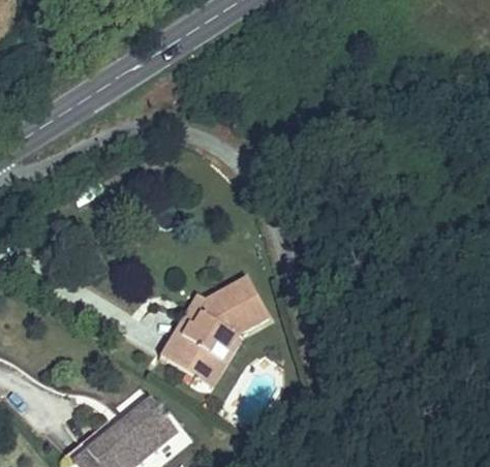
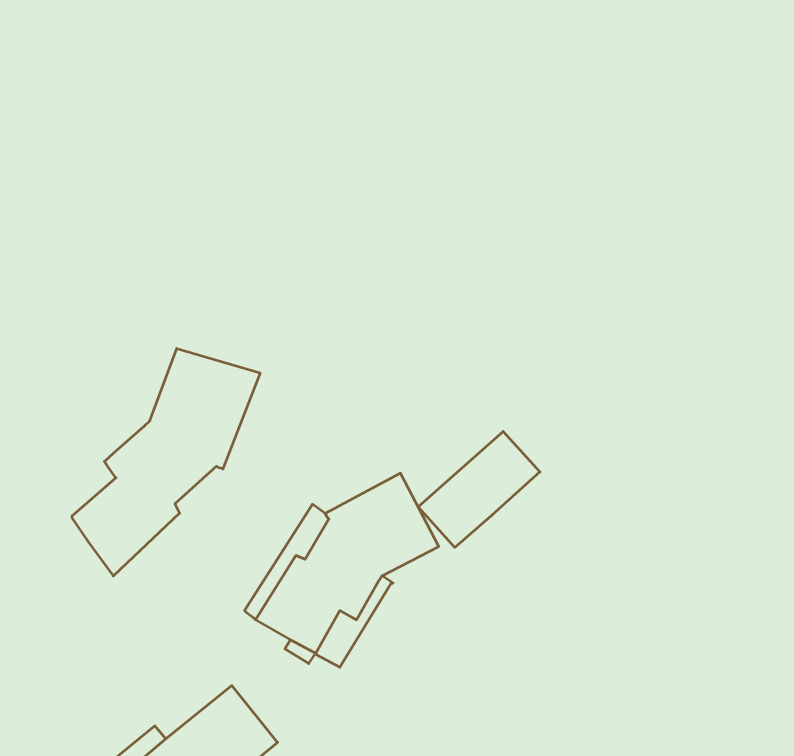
building: none -> [72,348,260,576]
building: none -> [418,431,540,547]

